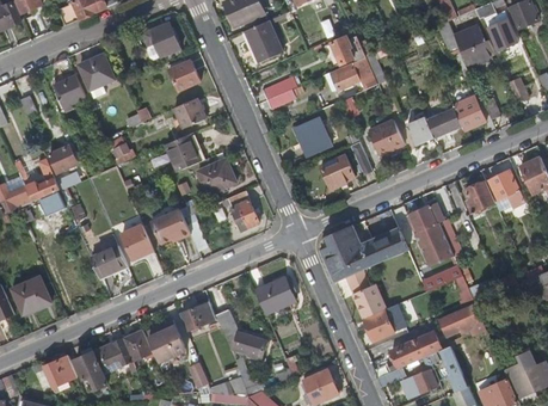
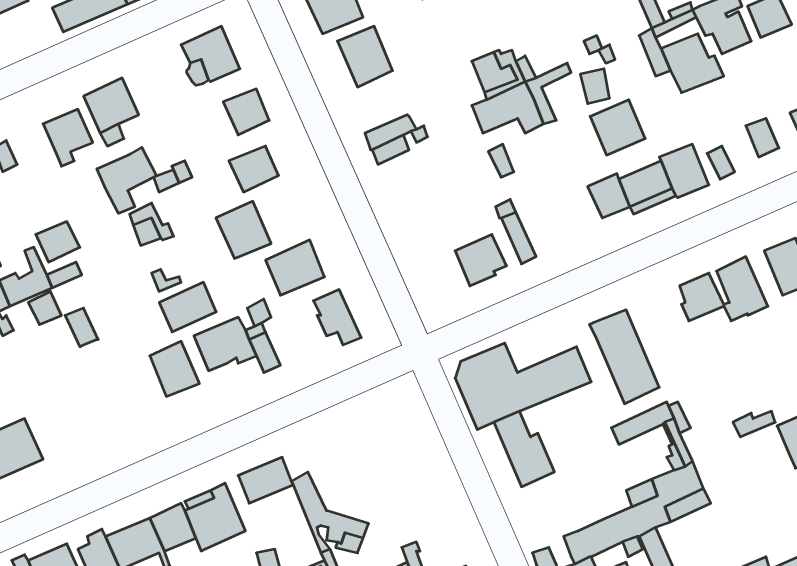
building: none -> [97,147,156,213]
building: [296,117,330,154] -> none
building: [369,121,405,156] -> [590,100,645,155]
building: [90,246,127,278] -> [159,282,216,332]
building: [253,277,294,313] -> none
building: [364,304,406,340] -> none

